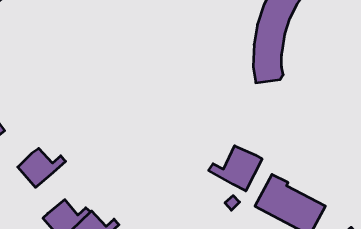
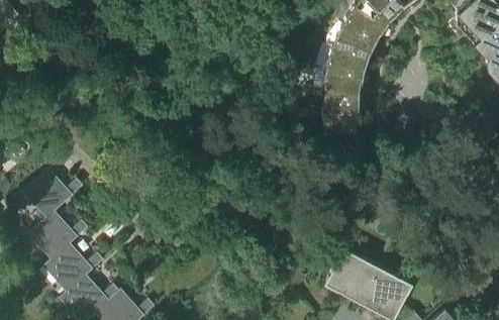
building: none -> [24,172,84,220]
building: [209,146,262,191] -> none
building: none -> [43,246,104,295]

